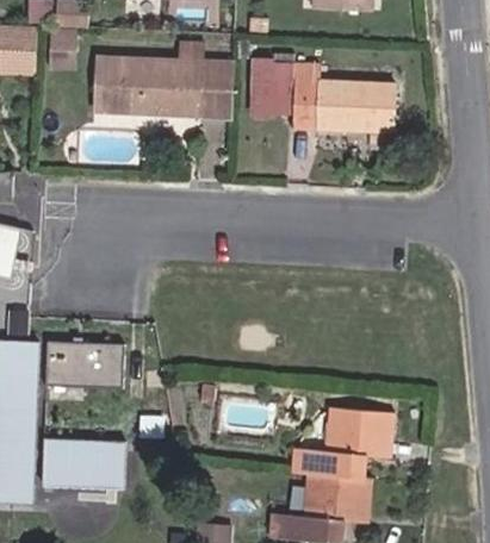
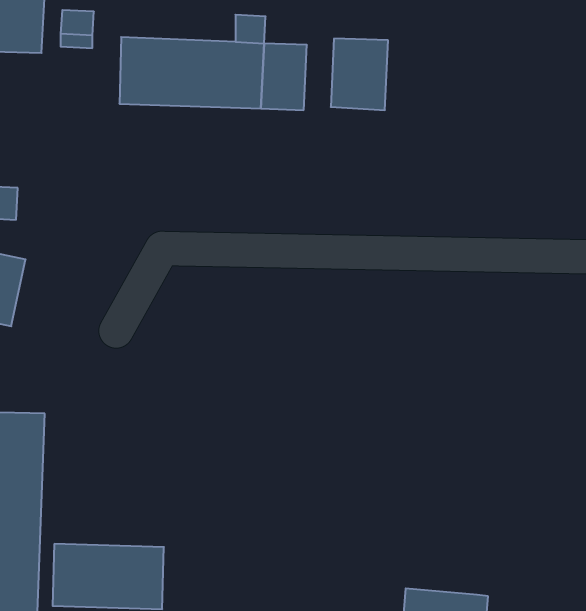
building: [292,62,396,131] -> none
building: [45,342,123,388] -> none
building: [293,408,391,478] -> none

